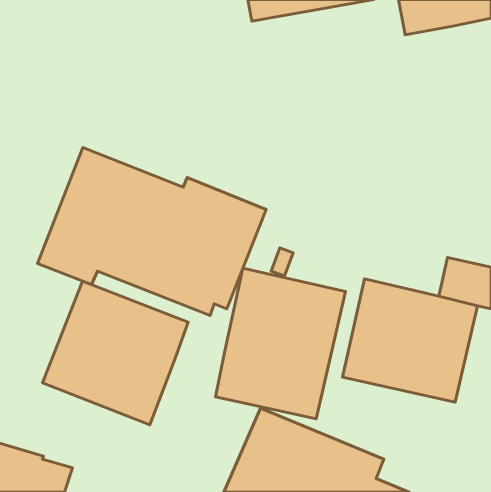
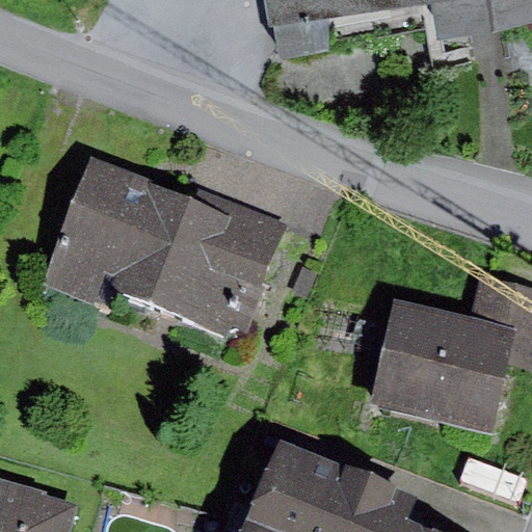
building: [215,268,345,419] -> none
building: [42,281,188,425] -> none

